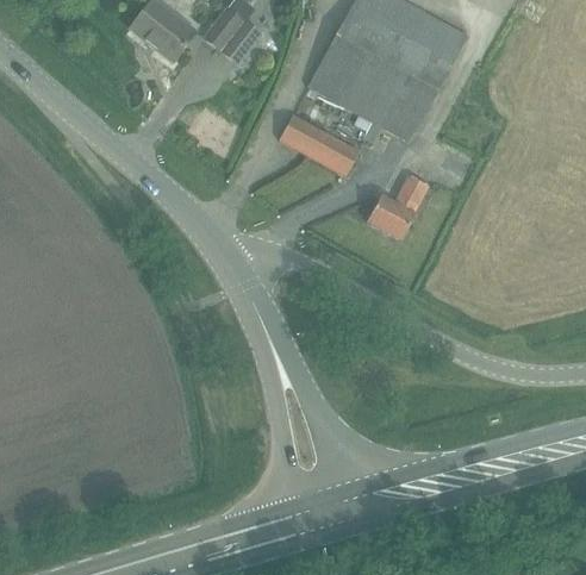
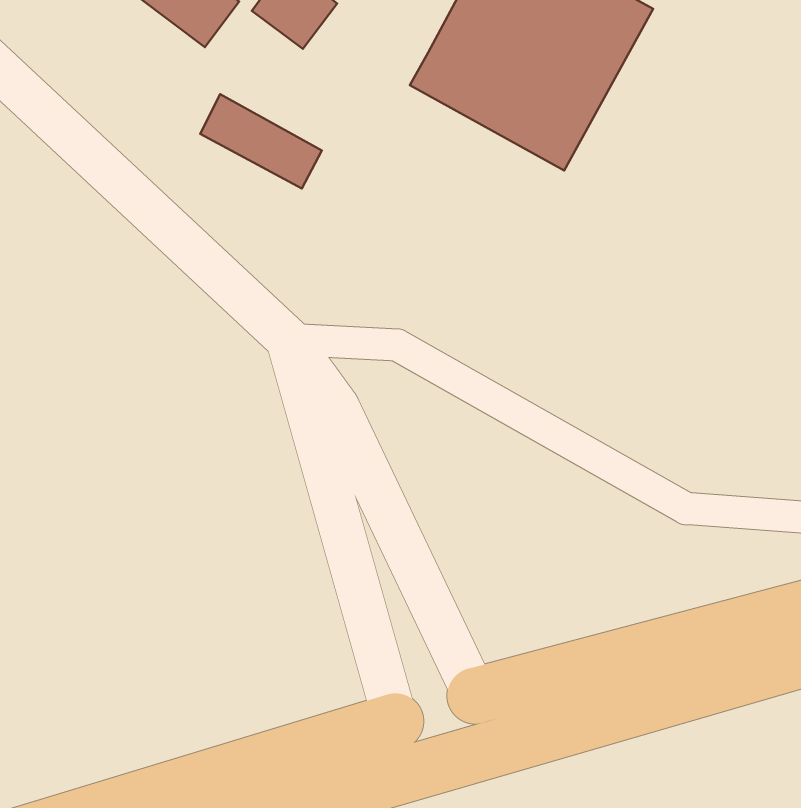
building: [280,113,360,175] -> [200,94,322,188]
building: [367,174,429,239] -> none

